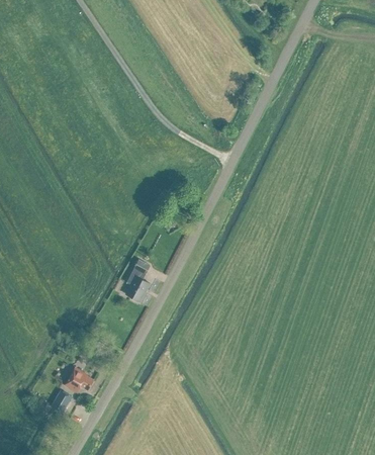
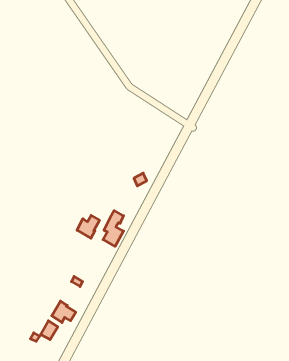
building: none -> [77,215,99,238]

